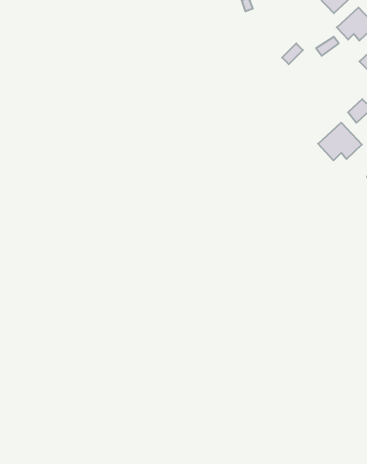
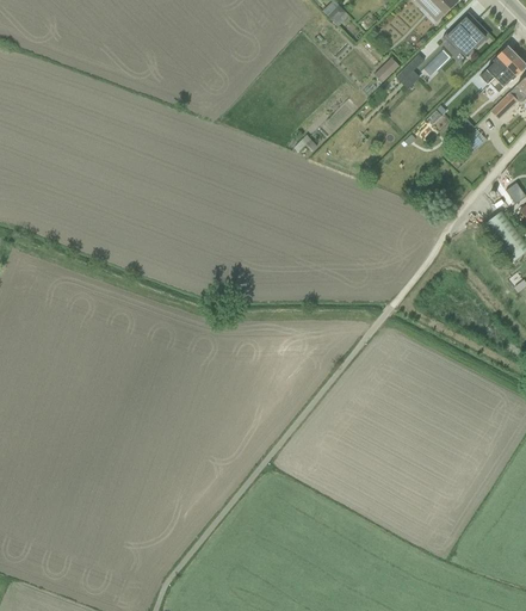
building: [318,123,362,160] -> none

